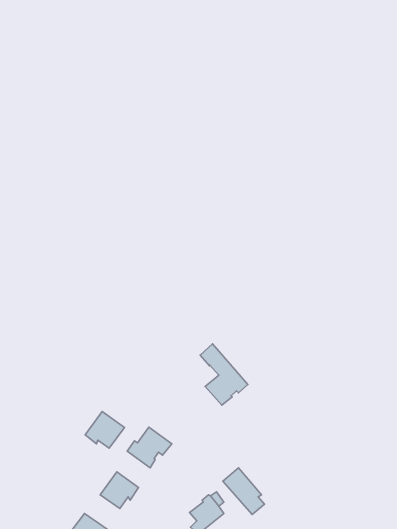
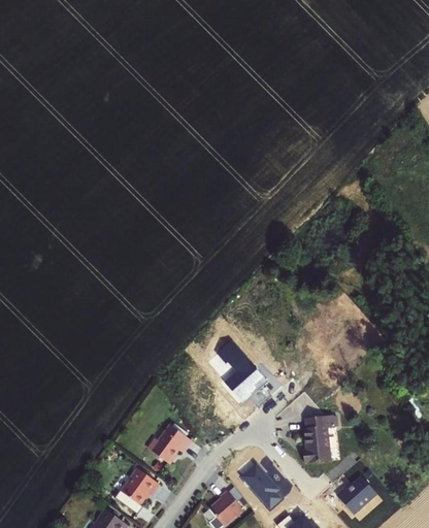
building: [85,412,125,448] -> none
building: none -> [303,416,333,463]
building: none -> [338,477,377,515]

